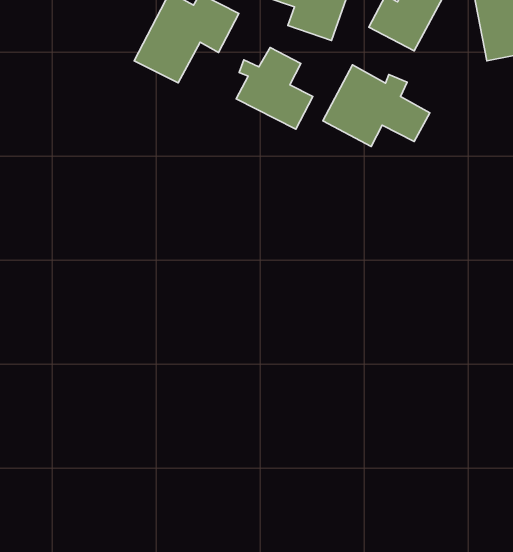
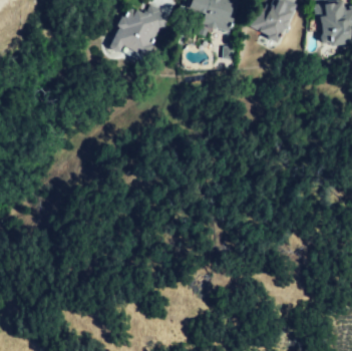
building: [236,47,313,129] -> none
building: [323,65,430,147] -> none

